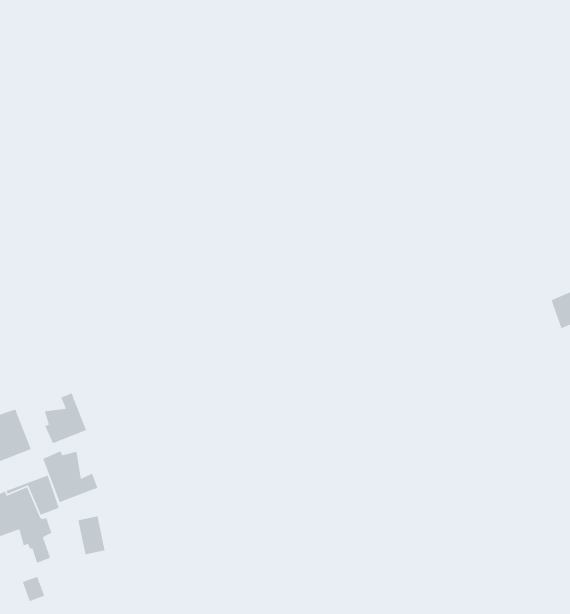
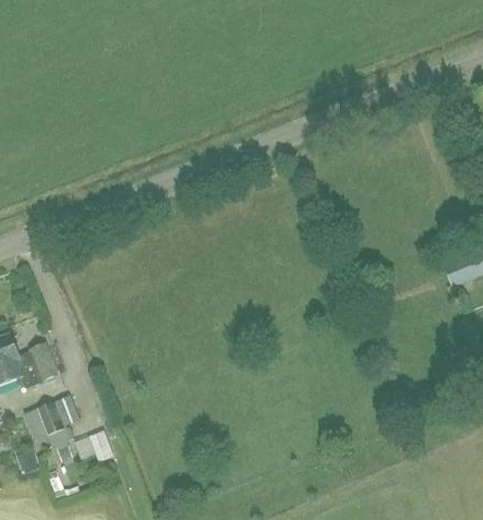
building: [44,392,87,444] -> none
building: [42,450,99,503] -> none

